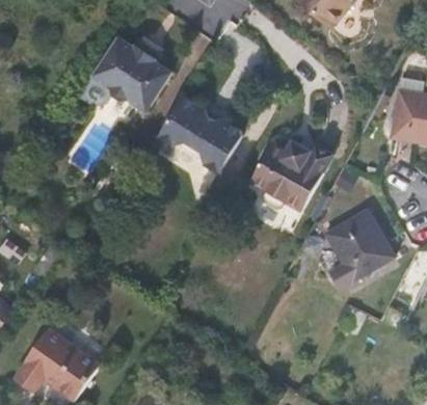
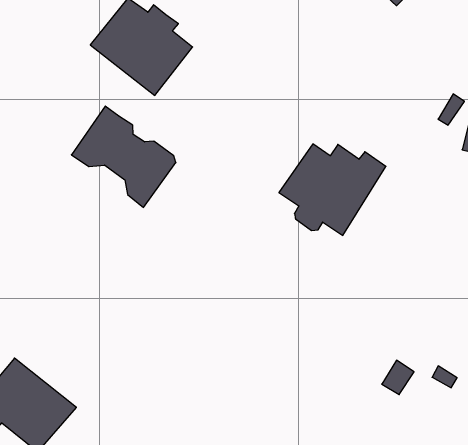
building: [157,96,240,173] -> [71,106,176,207]
building: [325,210,393,290] -> none

